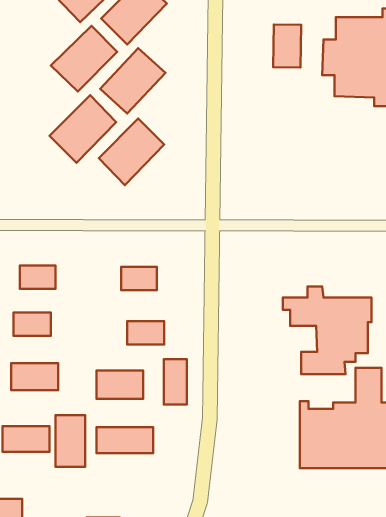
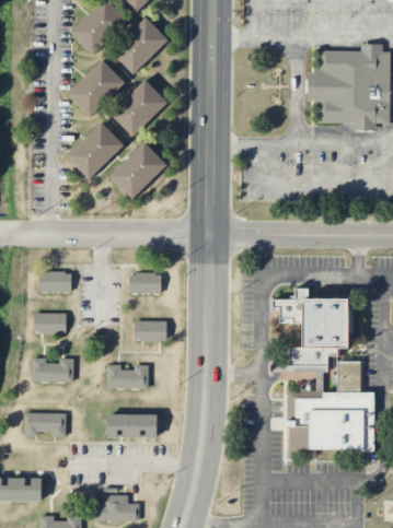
building: [273,24,301,68] -> none
building: [164,359,187,405] -> none
building: [56,415,85,467] -> none

